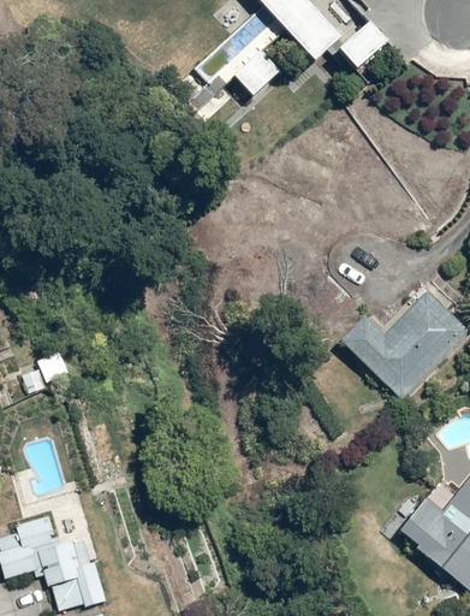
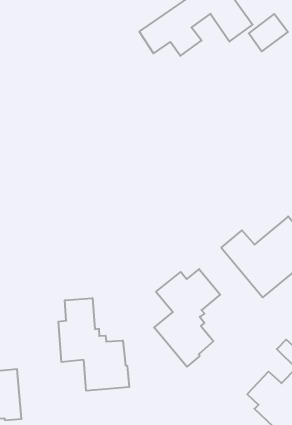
building: none -> [154,269,220,367]
building: none -> [58,298,129,391]

